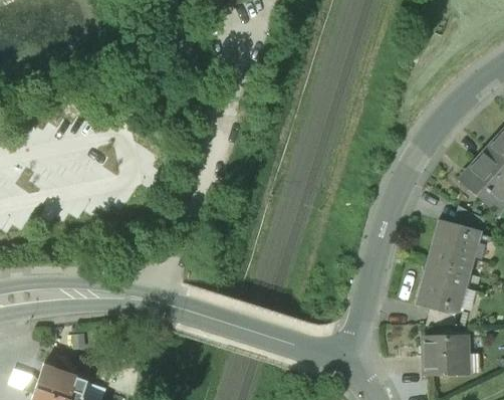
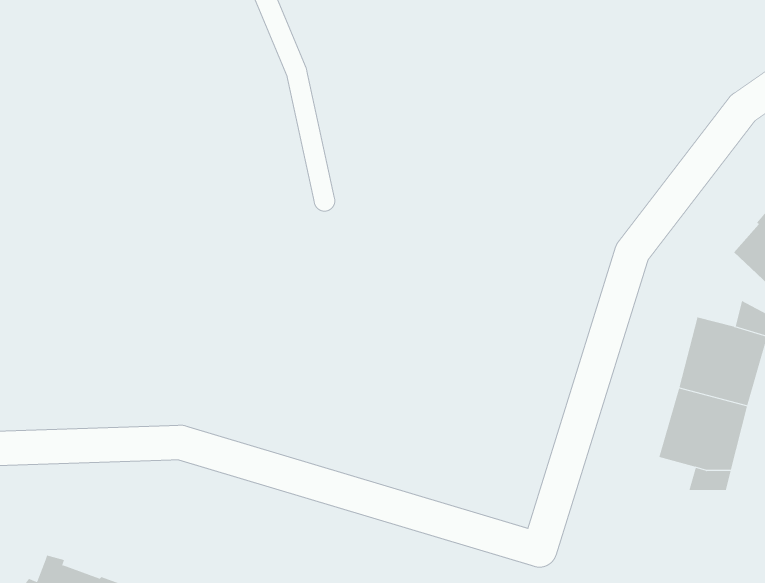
building: [424,337,468,373] -> none

